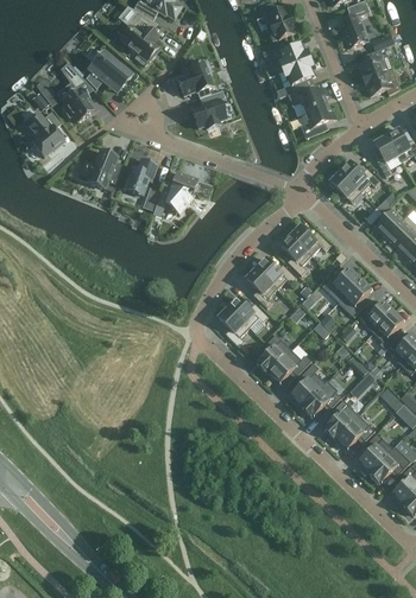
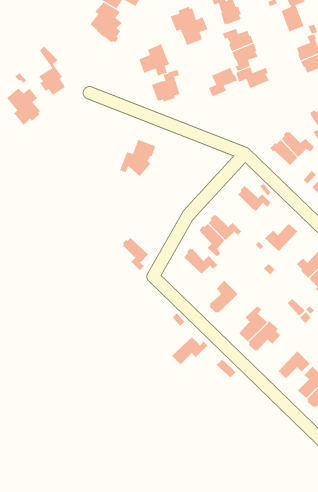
building: none -> [170,6,208,46]
building: [84,50,128,91] -> none
building: [301,103,335,138] -> [208,67,238,97]
building: [80,150,120,191] -> none
building: [122,158,156,196] -> none
building: [279,235,311,275] -> none
building: [338,278,371,317] -> none
building: [218,307,248,346] -> [122,237,149,271]
building: [267,350,310,383] -> [171,336,208,365]
building: [324,400,359,439] -> none

